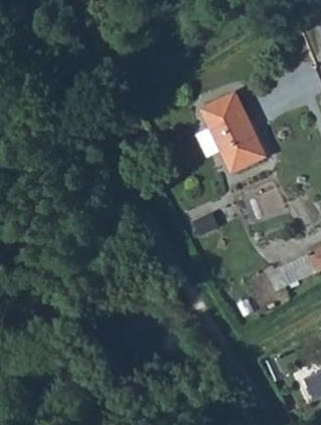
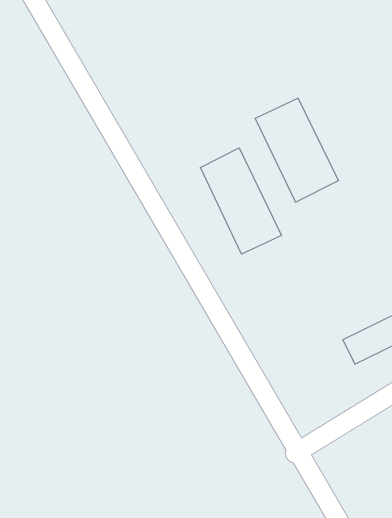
building: none -> [200,148,281,254]

